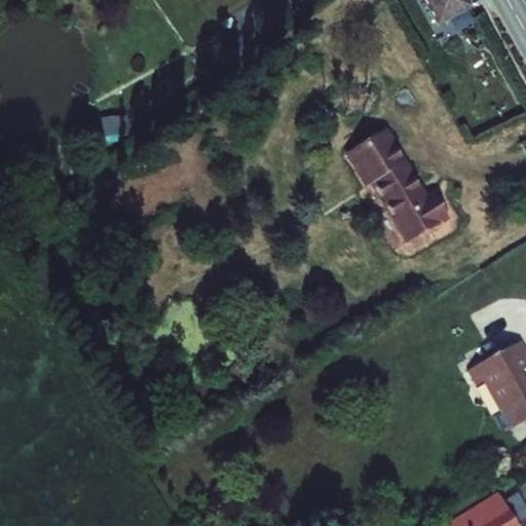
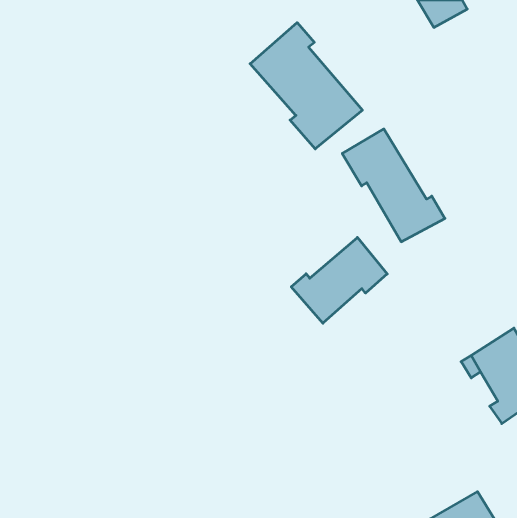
building: none -> [250,23,362,149]
building: none -> [291,237,387,323]

